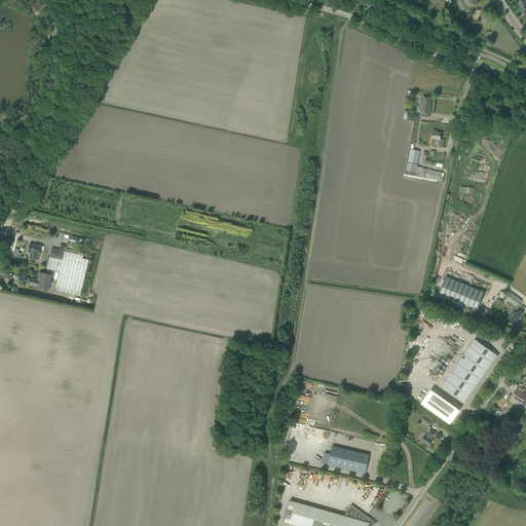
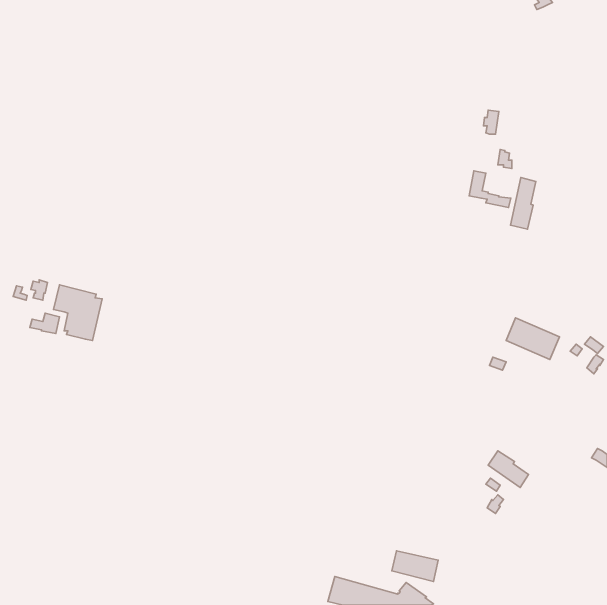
building: none -> [511,177,536,229]
building: [447,342,497,401] -> none
building: [328,446,368,473] -> [392,551,438,582]

